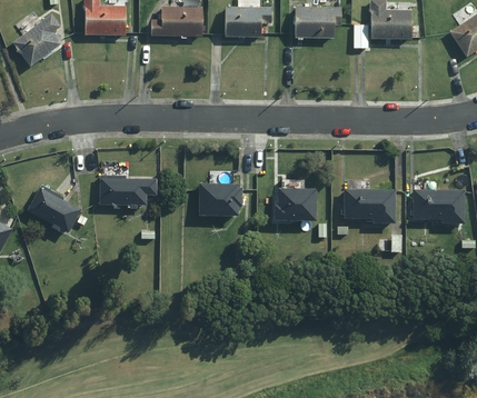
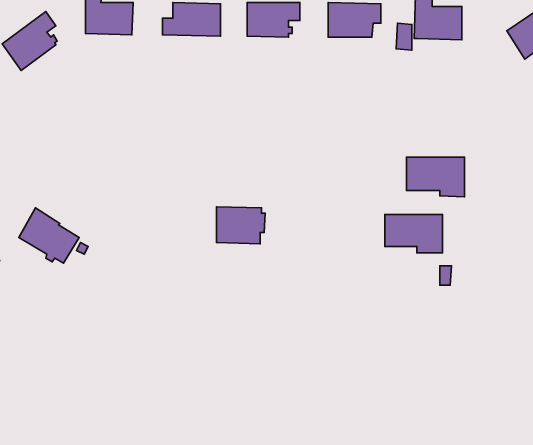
building: [100,176,156,208] -> none
building: [274,189,315,221] -> none
building: [414,190,464,225] -> [407,157,464,197]

